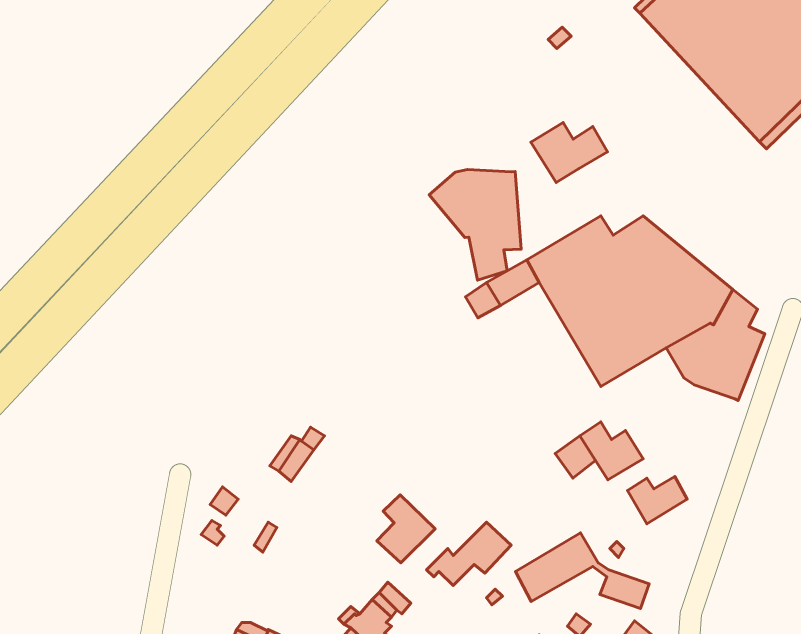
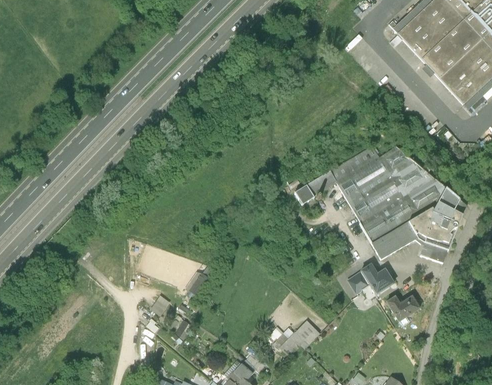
building: [531,123,607,182] -> none
building: [429,169,521,280] -> none
building: [377,495,435,563] -> none
building: [515,533,649,609] -> [372,221,448,264]

